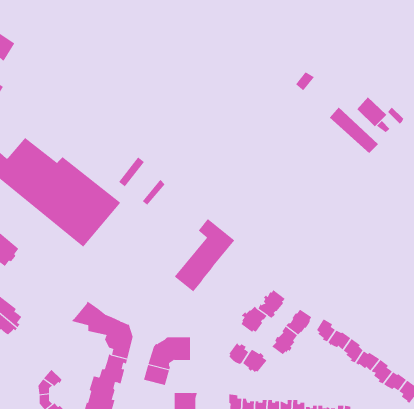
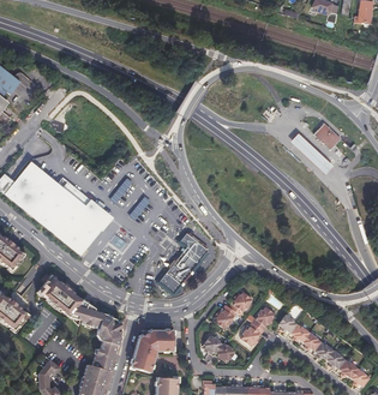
building: none -> [41,277,82,316]

